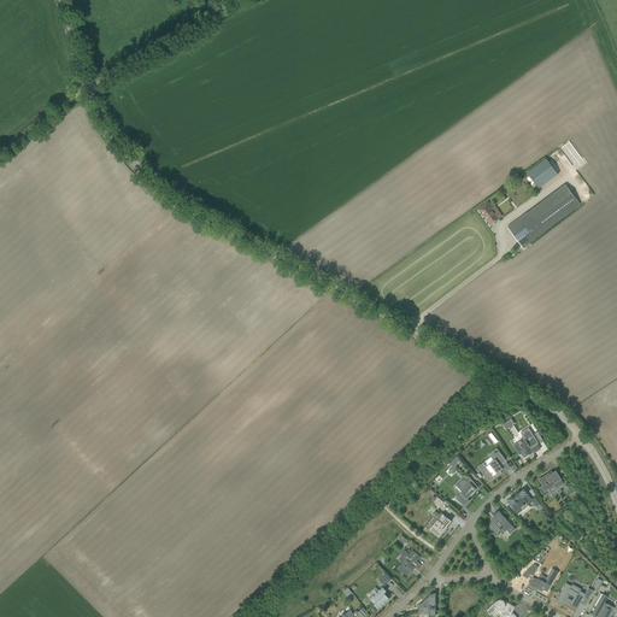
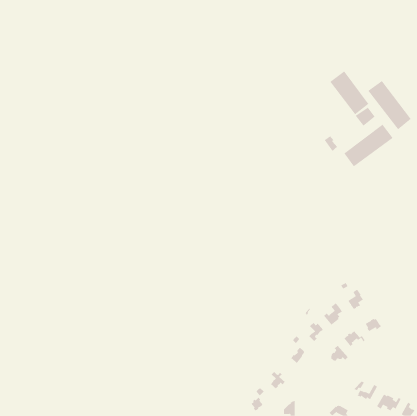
building: none -> [329,71,369,115]
building: none -> [368,80,411,130]

